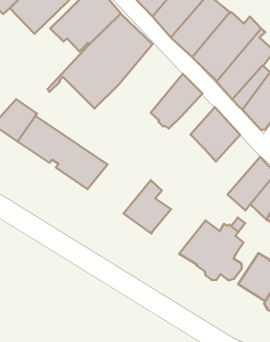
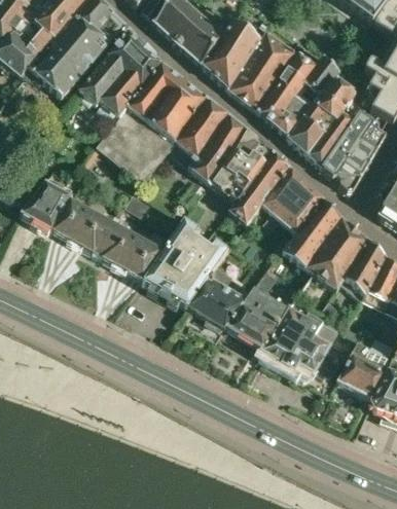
building: none -> [170,98,247,183]
building: none -> [228,152,289,224]
building: none -> [282,198,350,272]
building: none -> [143,218,229,306]
building: none -> [226,286,290,349]

